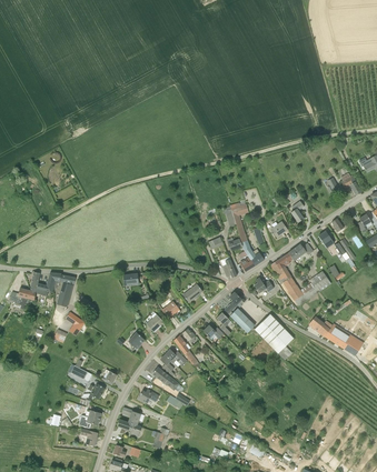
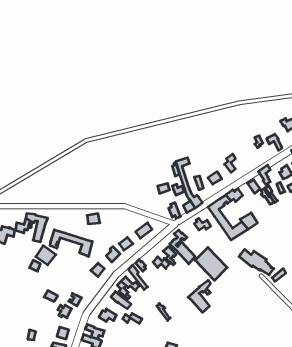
building: none -> [50,230,92,257]
building: none -> [188,280,210,312]

